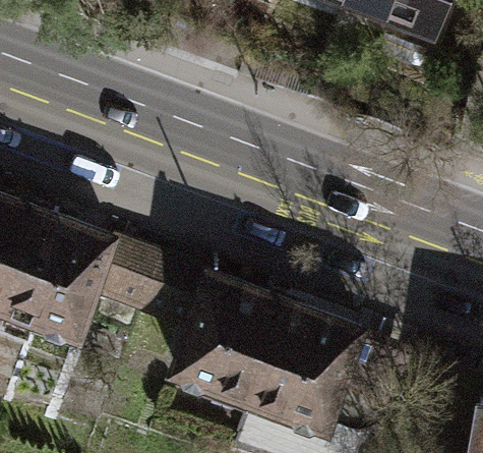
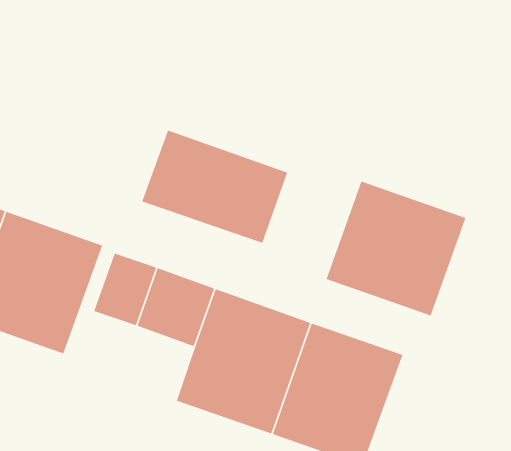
building: none -> [141,129,288,244]
building: none -> [326,180,467,316]

